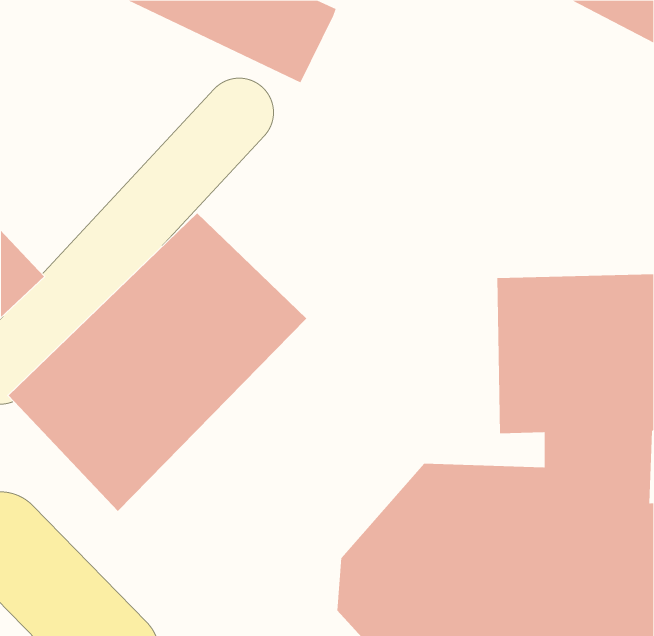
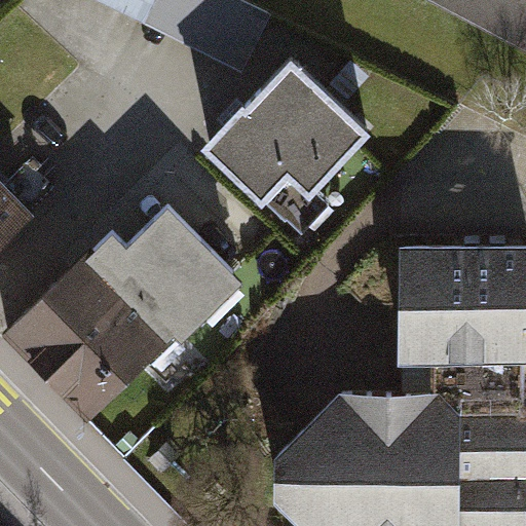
building: none -> [203,62,394,248]

